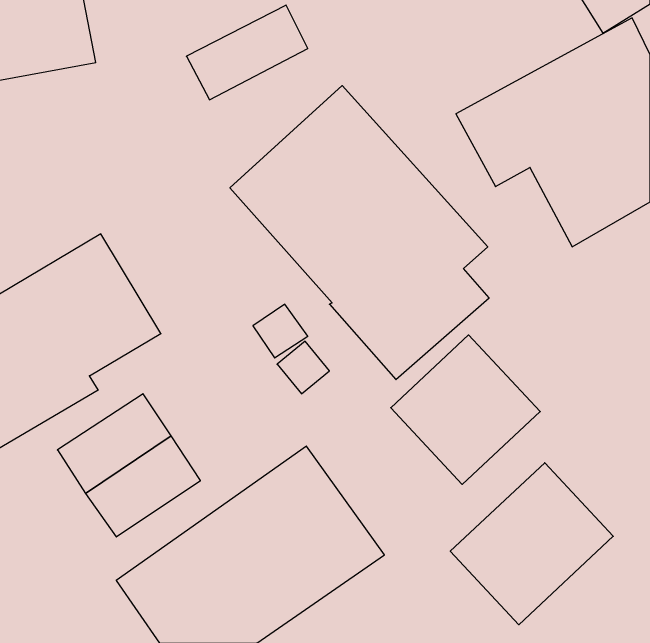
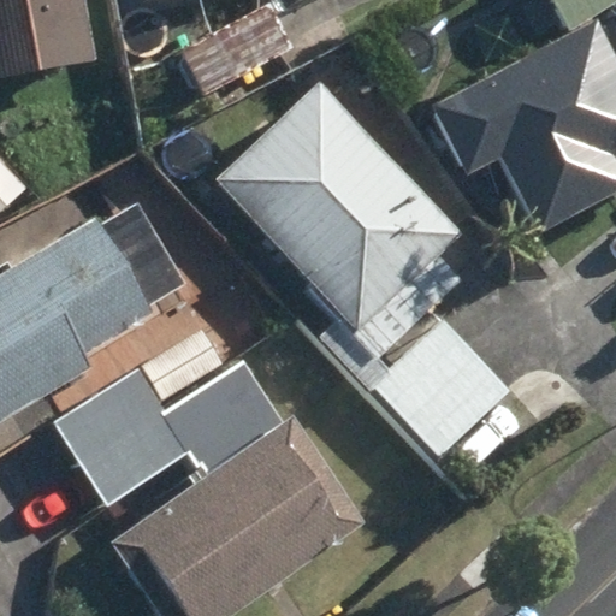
building: [450,463,613,625] -> none

